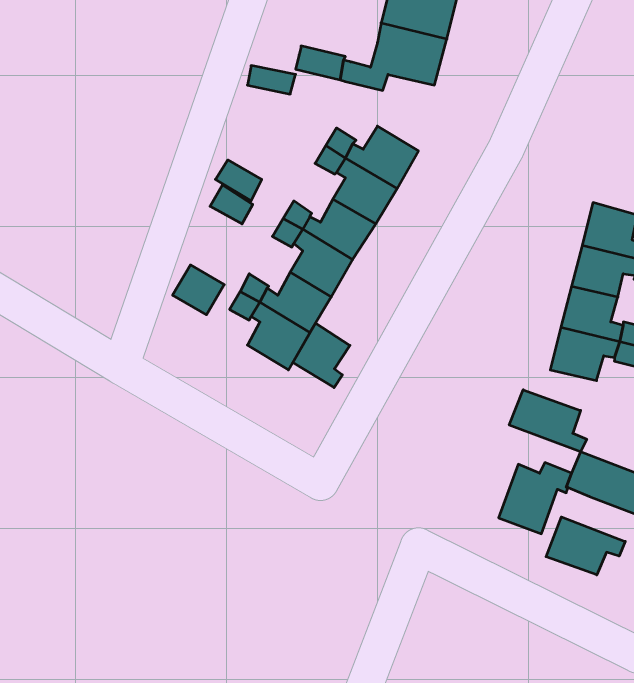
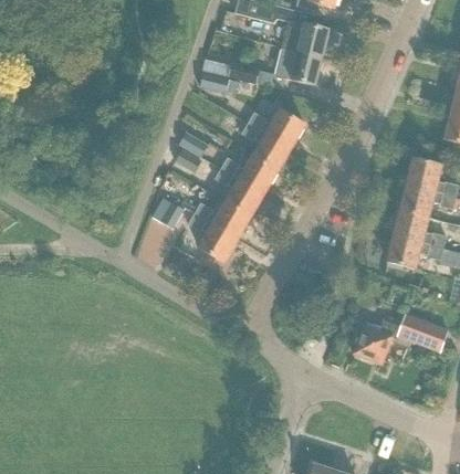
building: [293,323,350,388] -> none
building: [509,390,587,452] -> none
building: [546,517,625,575] -> none

